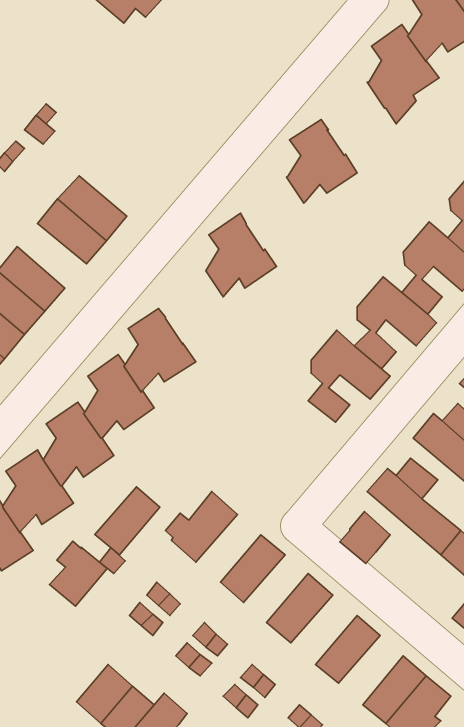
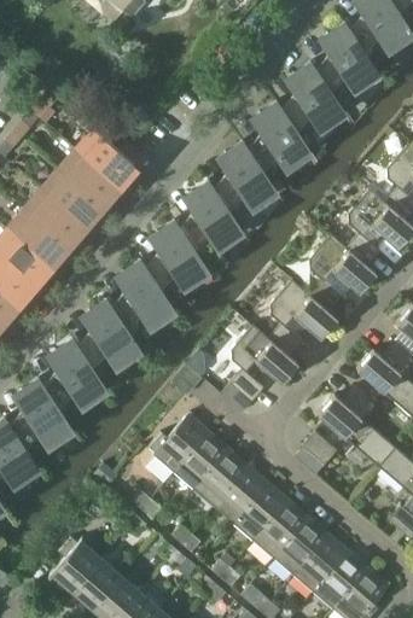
building: none -> [285,65,344,135]
building: none -> [77,132,134,186]
building: none -> [217,144,277,215]
building: none -> [25,192,83,246]
building: none -> [150,223,209,293]
building: none -> [231,327,299,404]
building: [95,487,160,555] -> [175,436,229,492]
building: [50,541,107,606] -> [53,538,101,593]
building: none -> [215,470,269,526]
building: none -> [255,503,310,561]
building: none -> [295,537,349,595]

